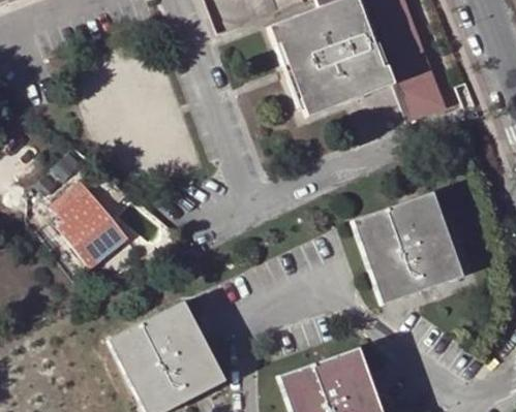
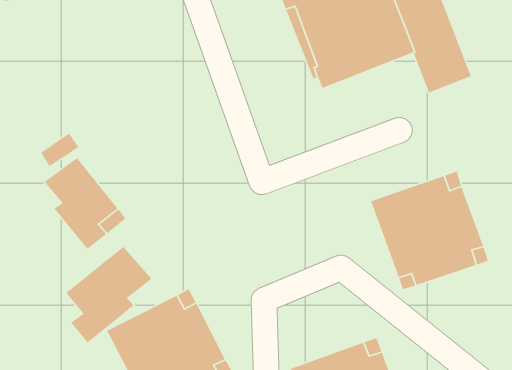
building: none -> [65,246,153,343]

